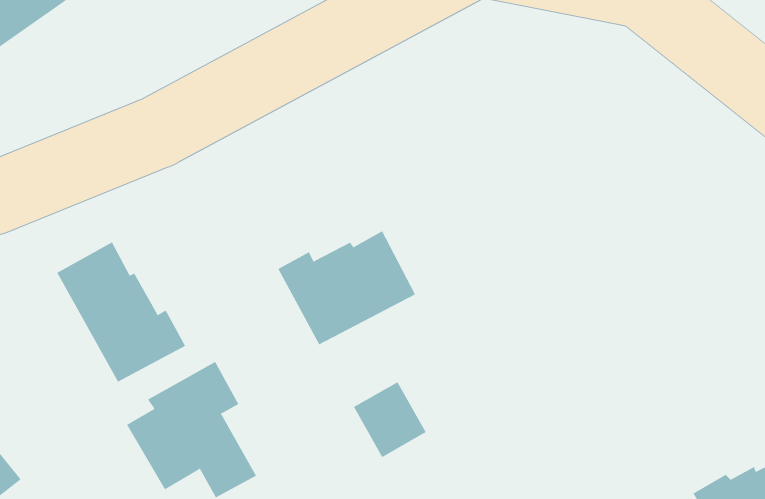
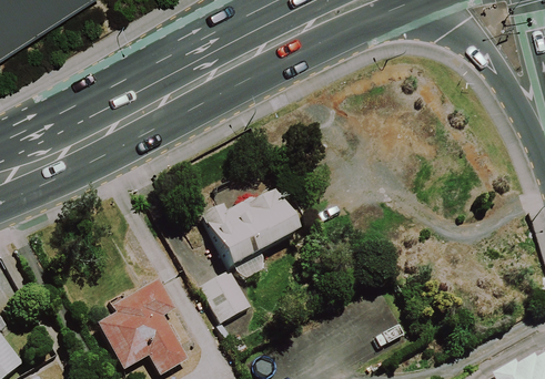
building: [57,242,186,383] -> none
building: [353,381,426,458] -> [200,267,251,320]

